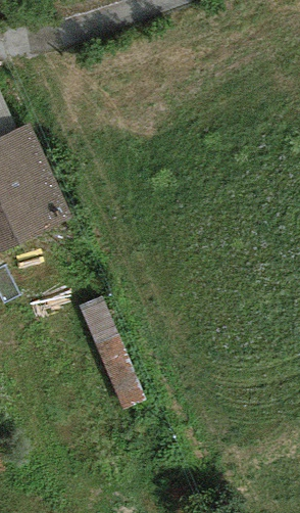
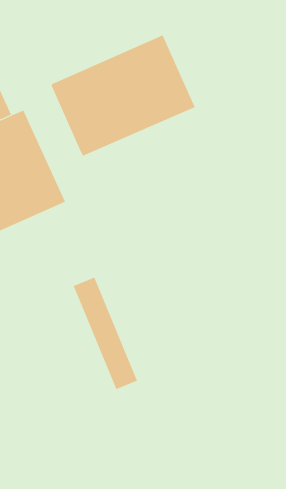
building: none -> [51,34,195,157]

